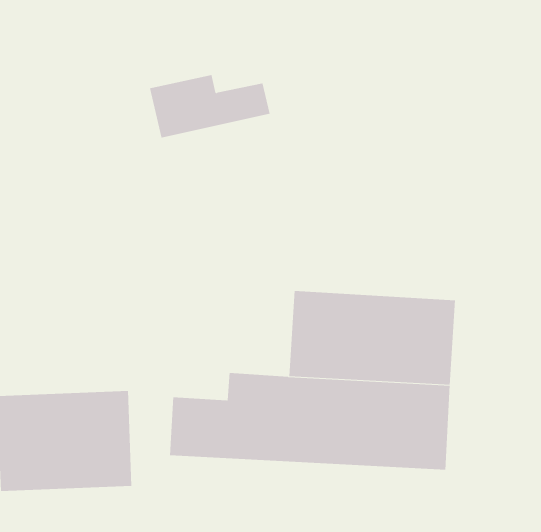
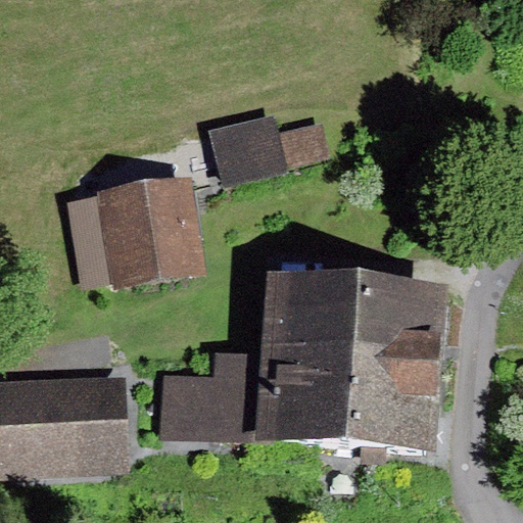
building: [149,74,271,138] -> [211,116,328,178]
building: none -> [69,181,199,284]

